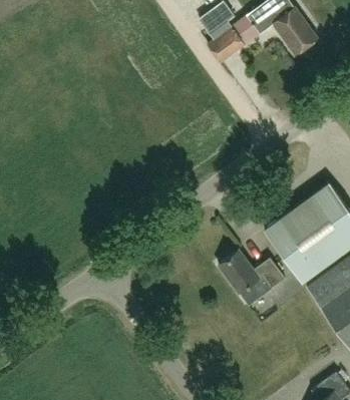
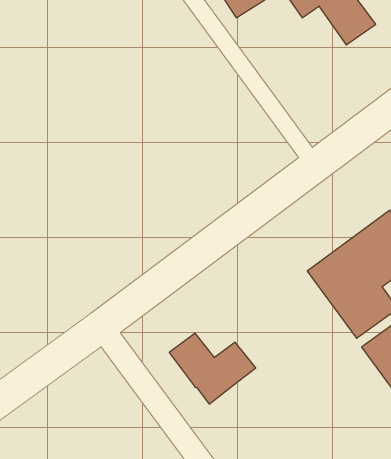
building: [208,28,245,62] -> none
building: [219,251,286,306] -> [169,333,256,404]

